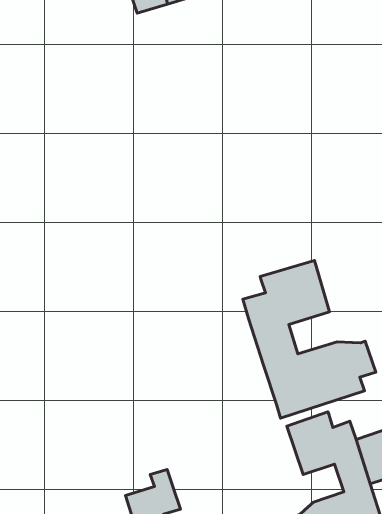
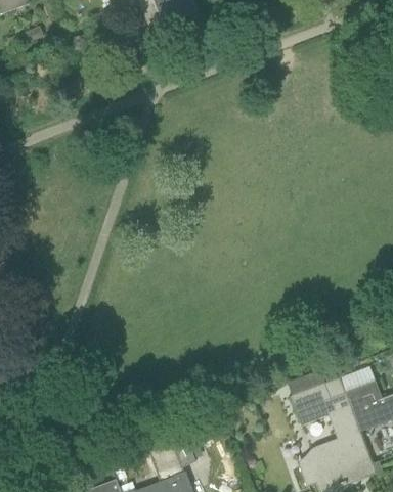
building: [243,261,376,418] -> none

